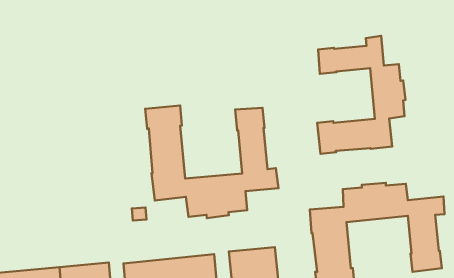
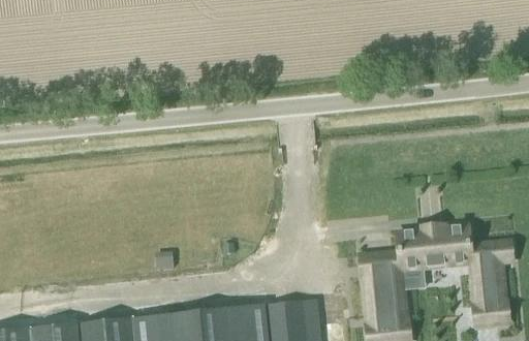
building: [317,36,405,154] -> none
building: [145,105,279,218] -> none

